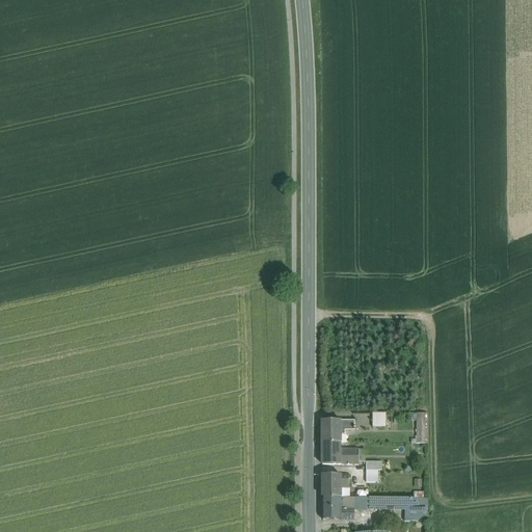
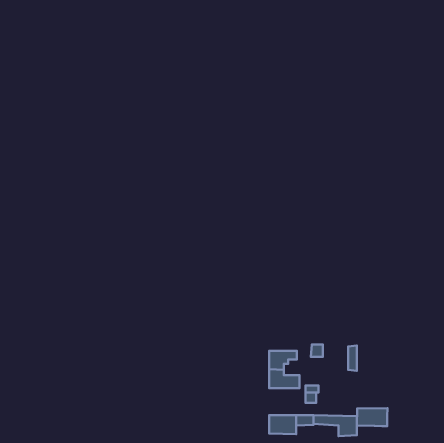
building: [321,474,348,496] -> none
building: none -> [357,408,387,426]

